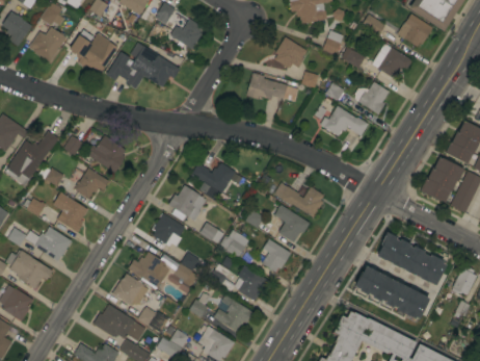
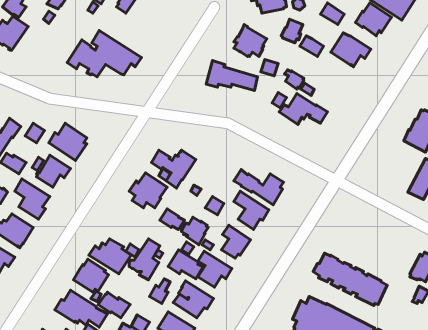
building: [170,18,204,49] -> none
building: [70,32,118,74] -> none
building: [358,81,390,114] -> none
building: [421,157,464,202] -> none
building: [152,213,185,246] -> none
building: [377,232,446,285] -> none

